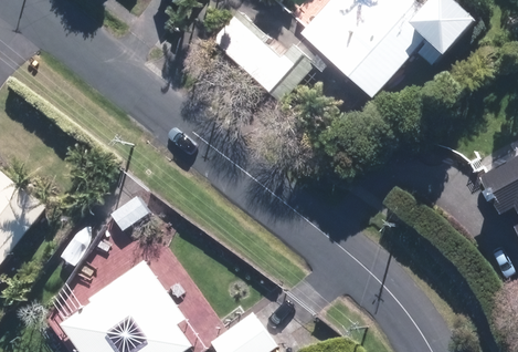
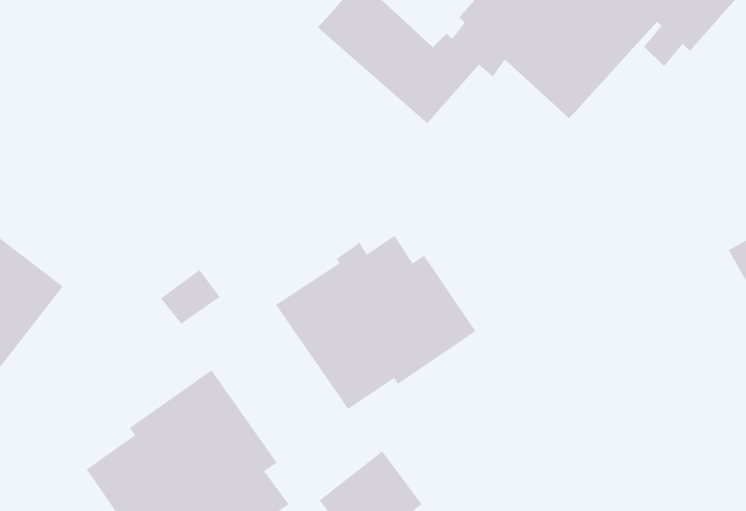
building: none -> [275,235,476,410]

